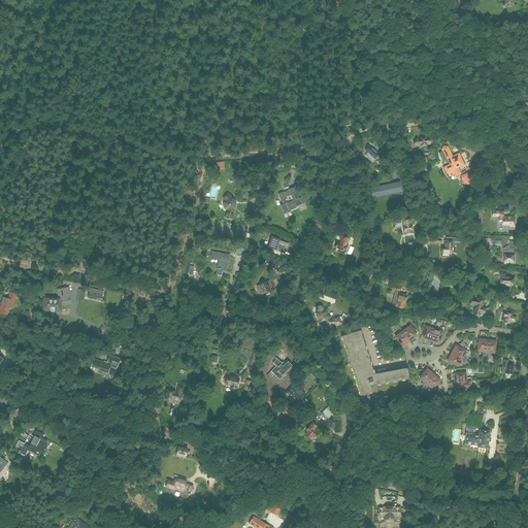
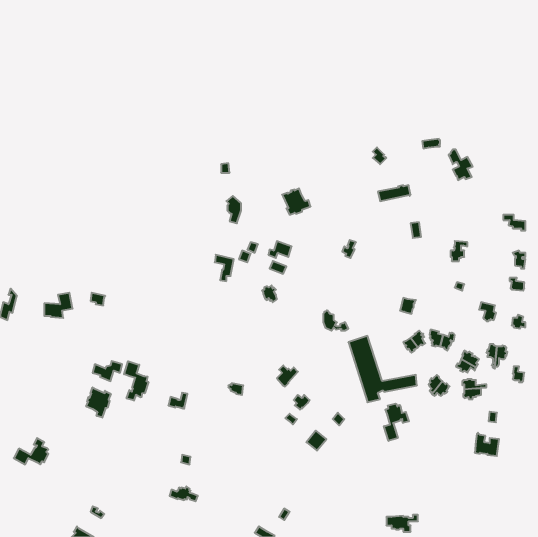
building: none -> [124,361,148,401]
building: none -> [86,387,111,418]
building: none -> [384,404,409,441]

